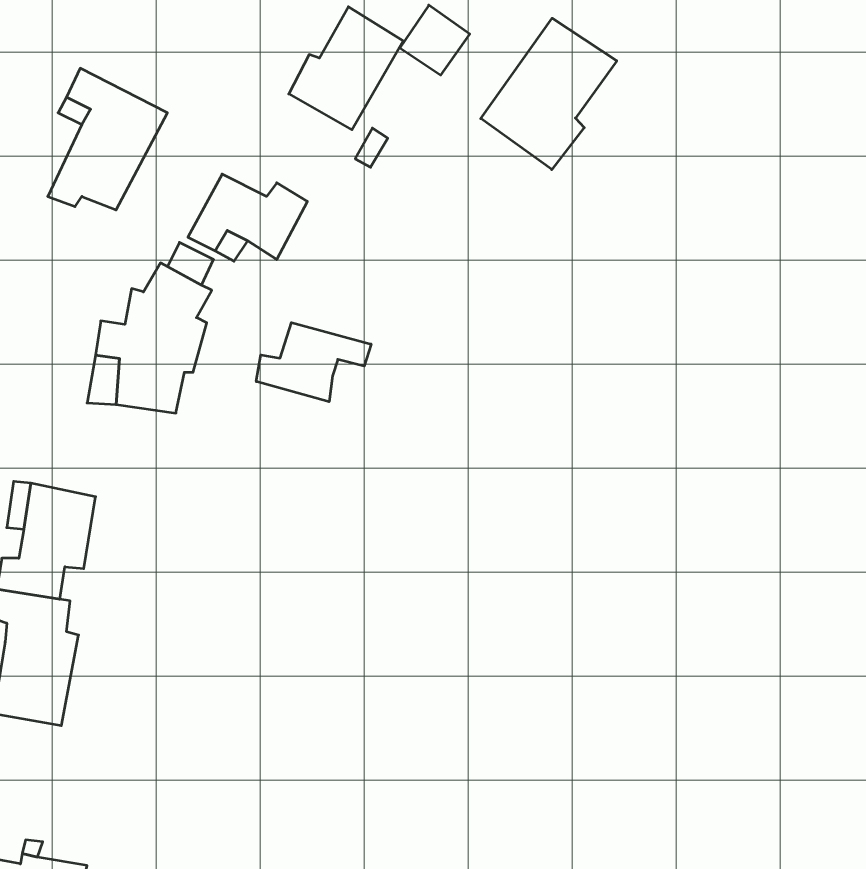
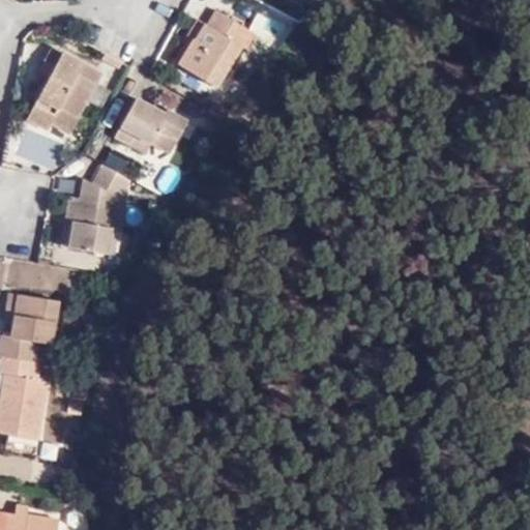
building: [481,18,617,170] -> none
building: [256,323,371,402] -> none

